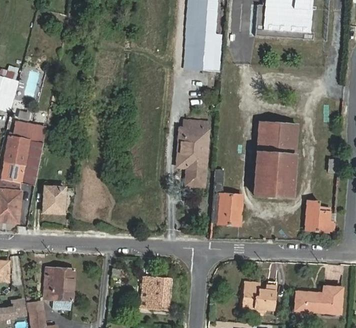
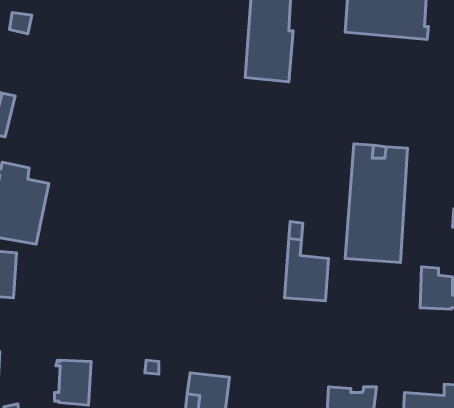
building: [175,121,208,187] -> none
building: [44,187,65,213] -> none

